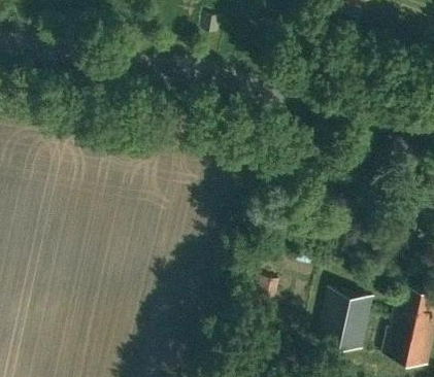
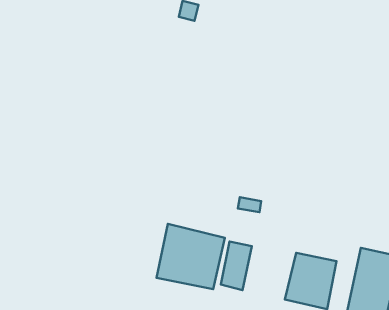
building: none -> [156,224,225,289]

